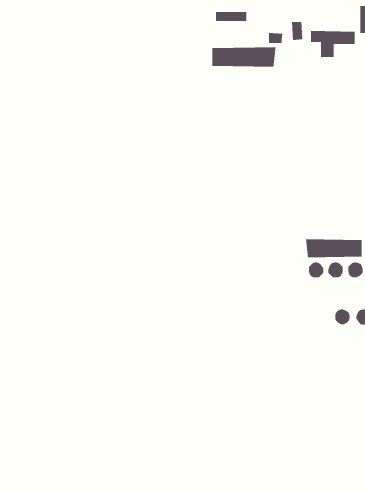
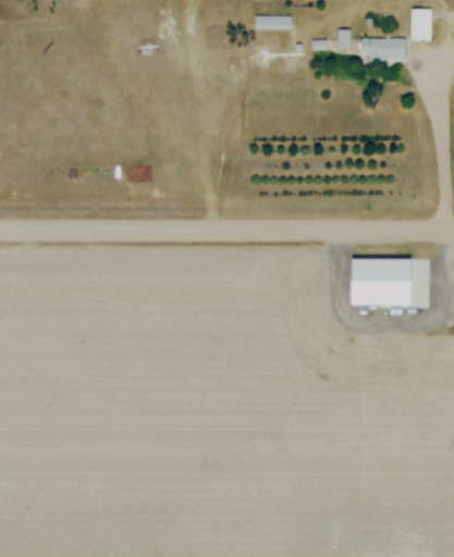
building: [212,46,276,68] -> none

